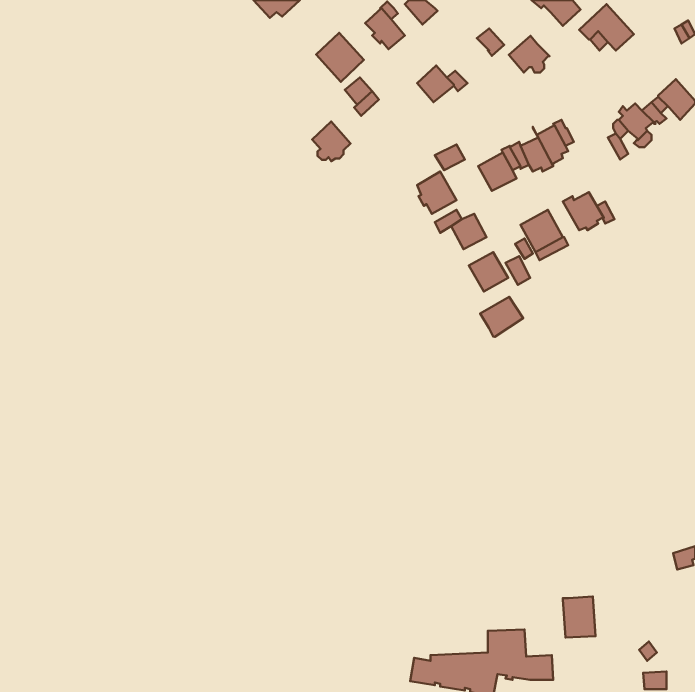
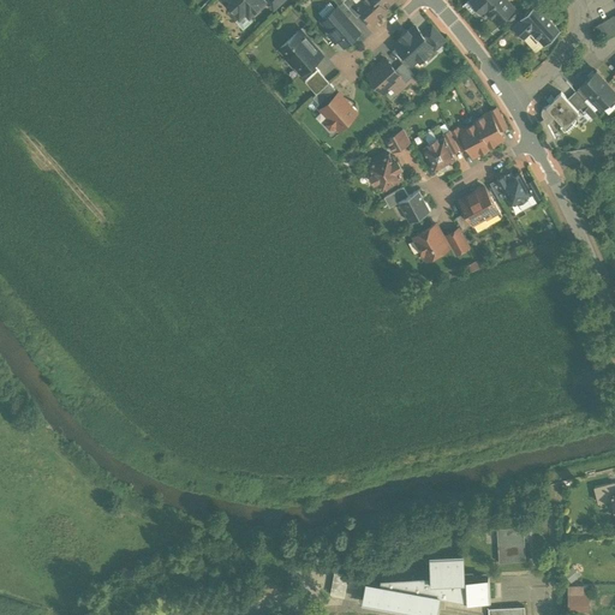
building: [509,36,550,73] -> [395,30,431,62]
building: [312,122,350,161] -> [321,95,354,130]
building: [480,297,523,337] -> none

